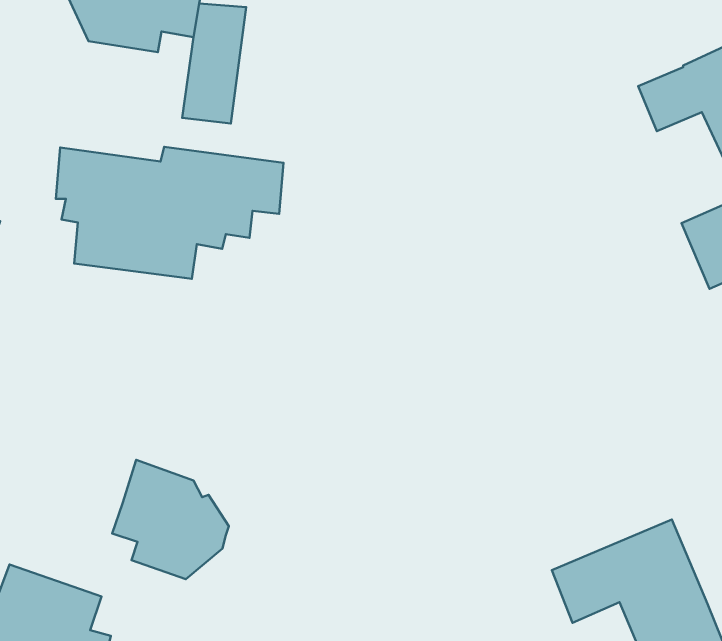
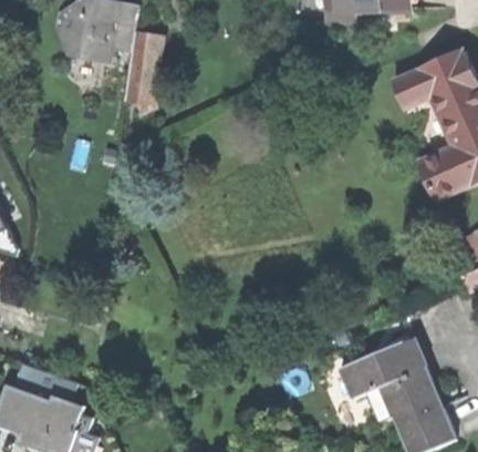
building: [56,147,284,279] -> none
building: [112,460,229,579] -> none

